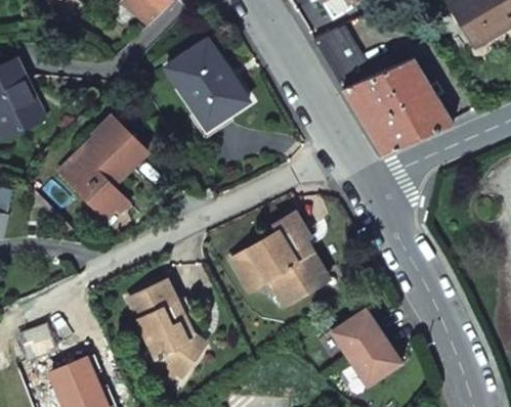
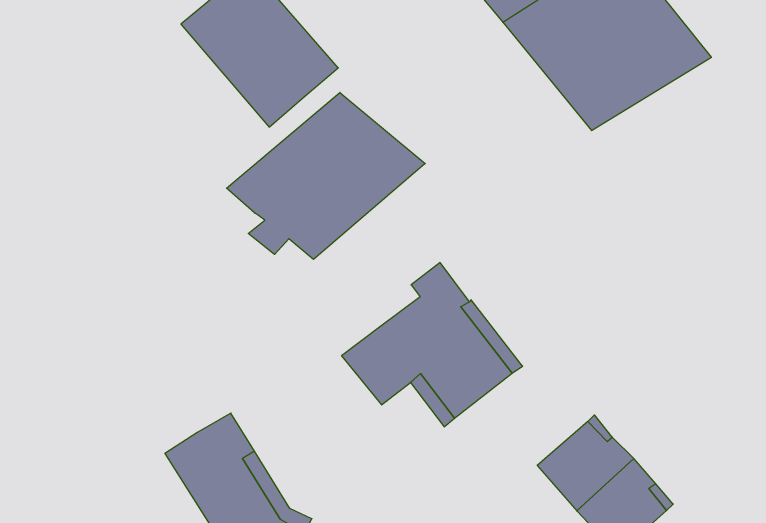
building: none -> [227,92,425,259]
building: [60,118,146,216] -> none

